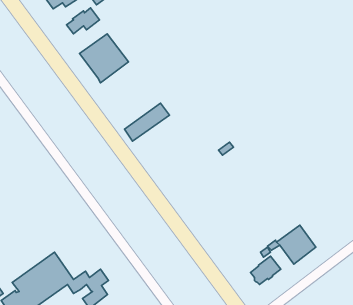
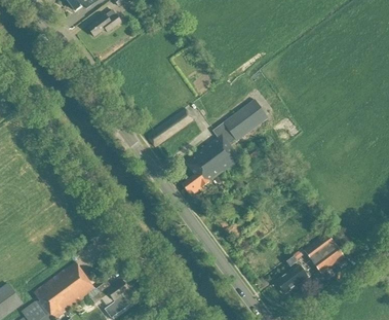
building: [80,34,128,83] -> none
building: none -> [181,99,267,192]

